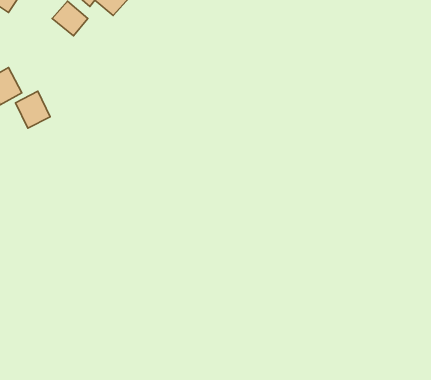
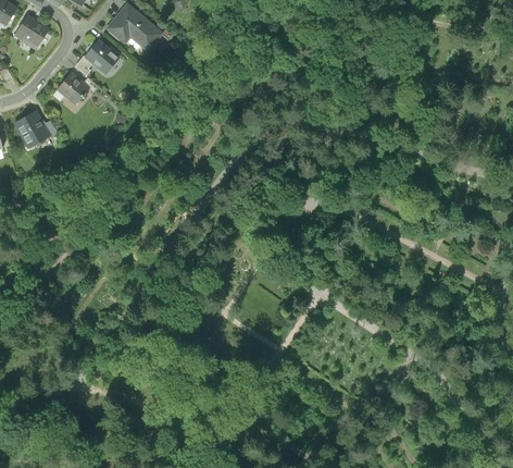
building: none -> [57,71,91,106]
building: [16,91,50,128] -> none

